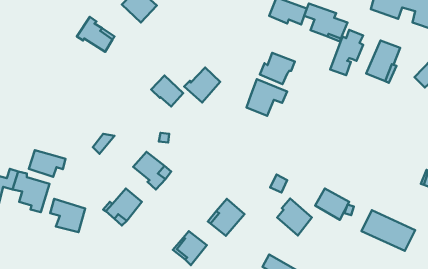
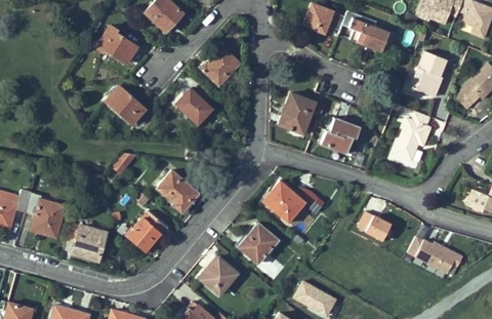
building: [330,30,363,75] -> [395,111,430,160]
building: [260,53,295,84] -> [322,118,360,152]
building: [184,68,220,102] -> [200,47,239,85]
building: none -> [106,86,145,124]
building: [29,150,66,177] -> none
building: [277,199,312,235] -> [265,182,303,222]

